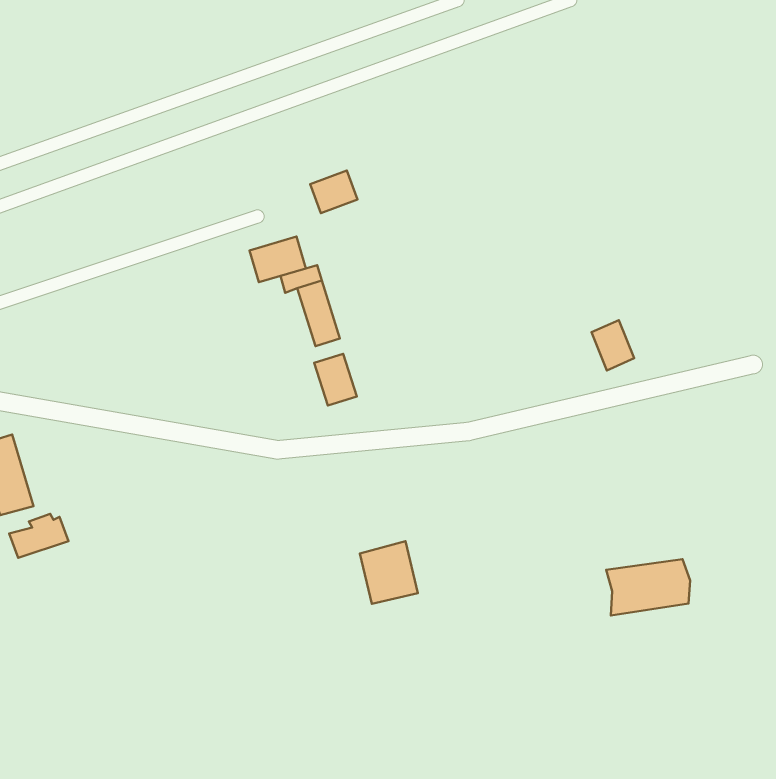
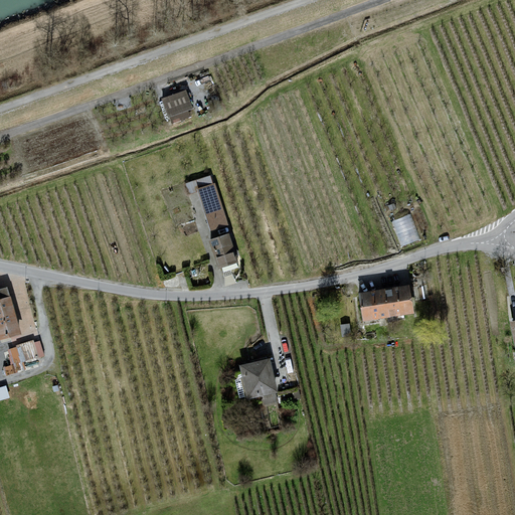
building: [310,171,357,213] -> [159,89,190,117]
building: [249,237,306,282] -> none
building: [606,559,690,616] -> [360,288,415,325]

